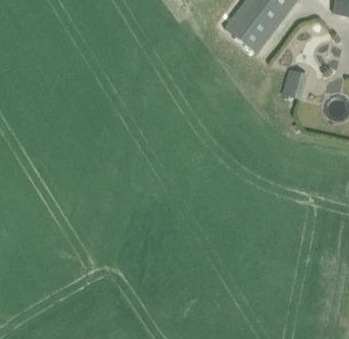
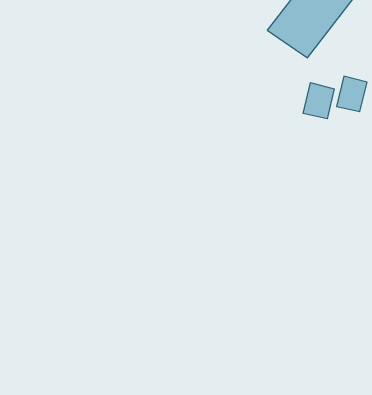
building: none -> [303,83,334,119]

